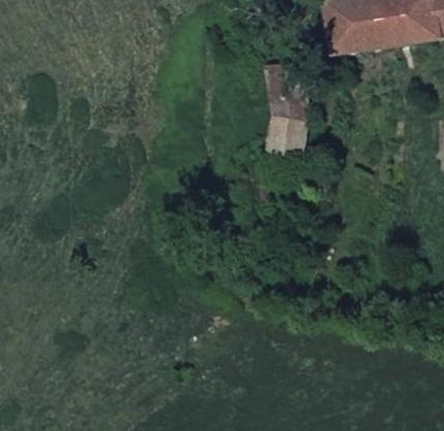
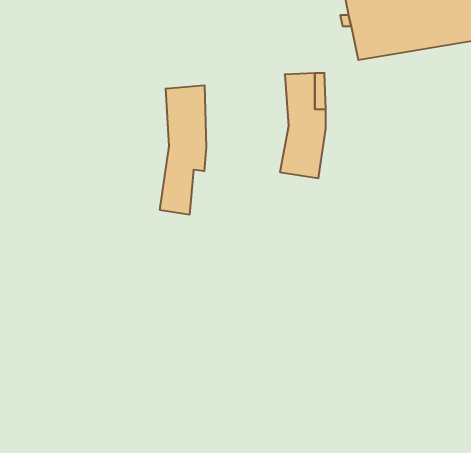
building: none -> [160,85,206,215]

